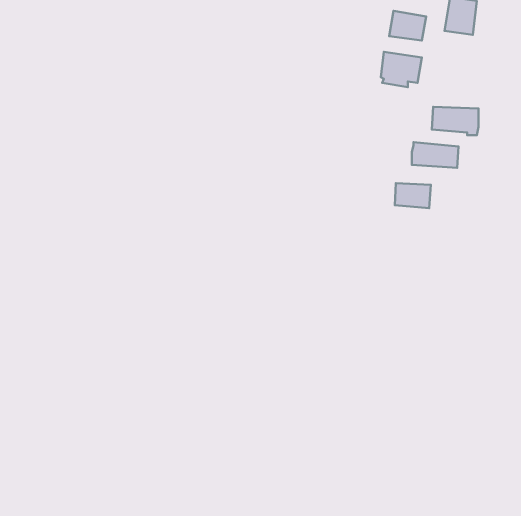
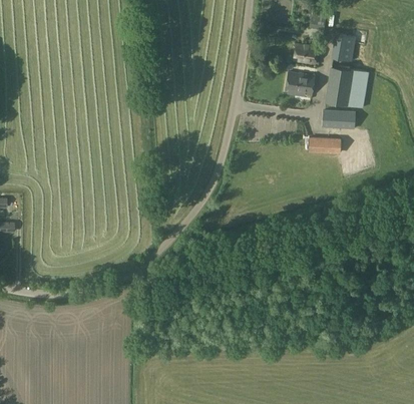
building: none -> [325,65,369,107]
building: [395,183,431,208] -> none

